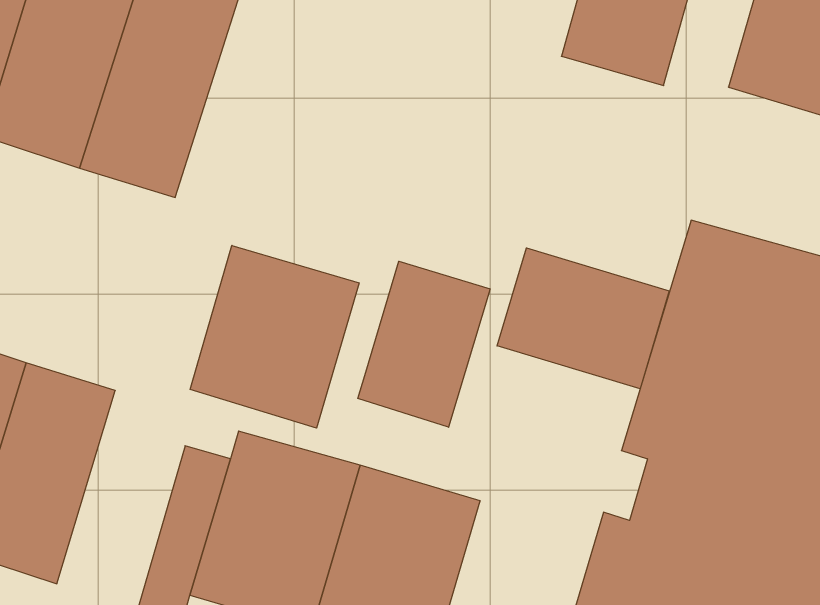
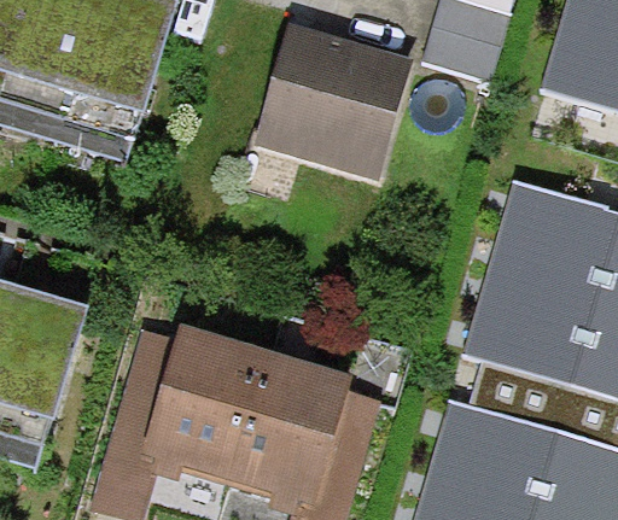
building: none -> [249,41,406,183]
building: [190,245,359,428] -> none
building: [497,248,669,389] -> none
building: [358,261,490,427] -> none

